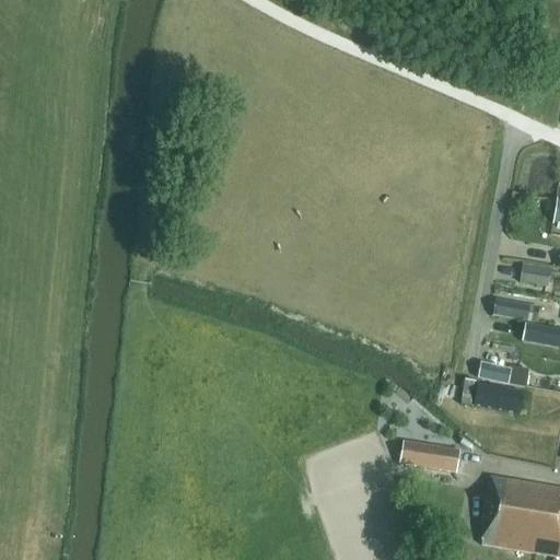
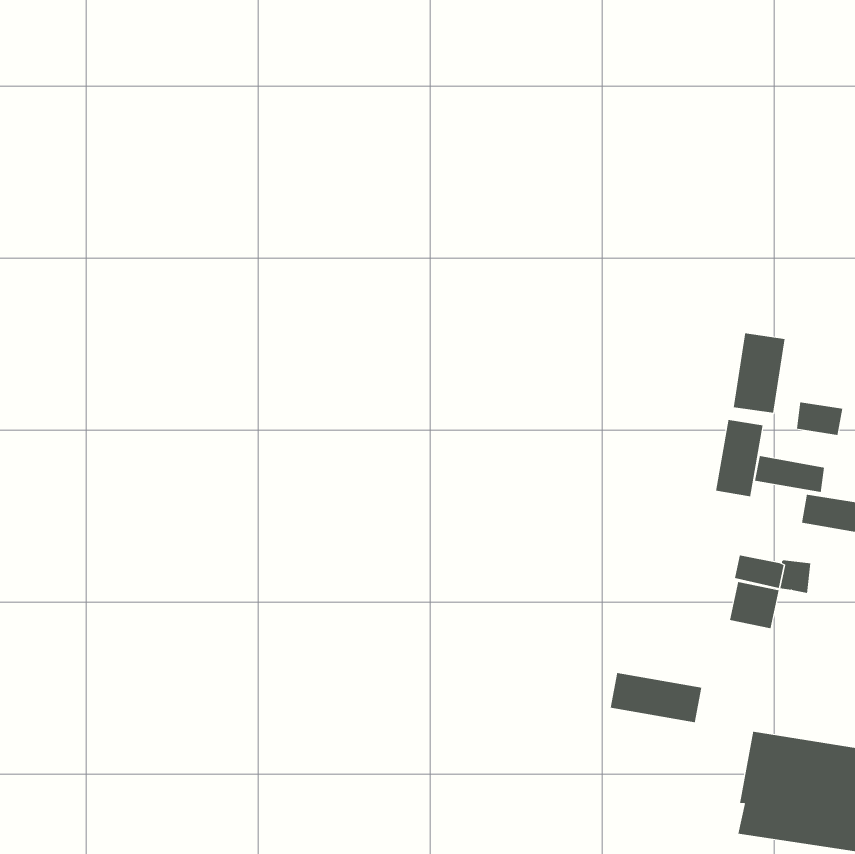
building: none -> [733,333,785,414]
building: none -> [715,419,763,497]

